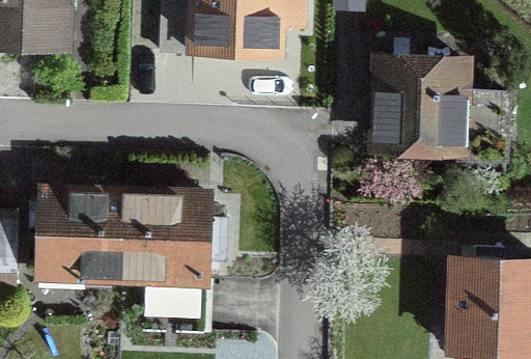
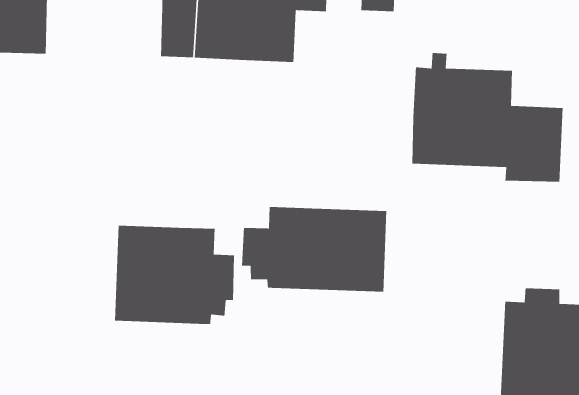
building: none -> [241,206,387,293]
building: [29,192,125,278] -> none

